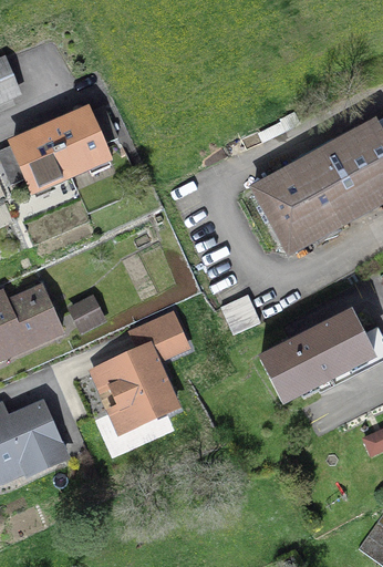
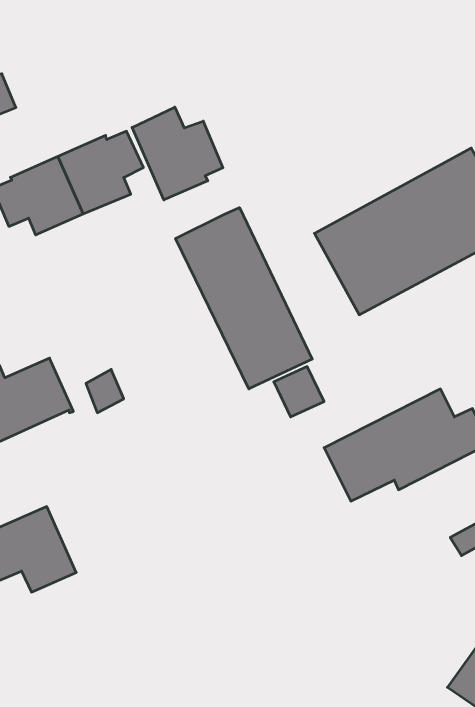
building: none -> [132,107,223,200]
building: none -> [176,208,312,389]
building: [106,312,186,430] -> none

